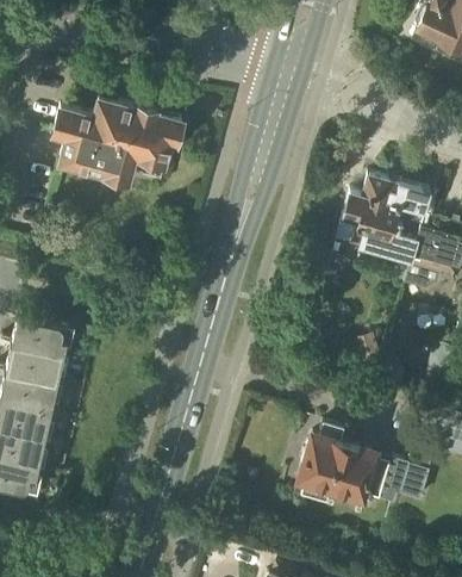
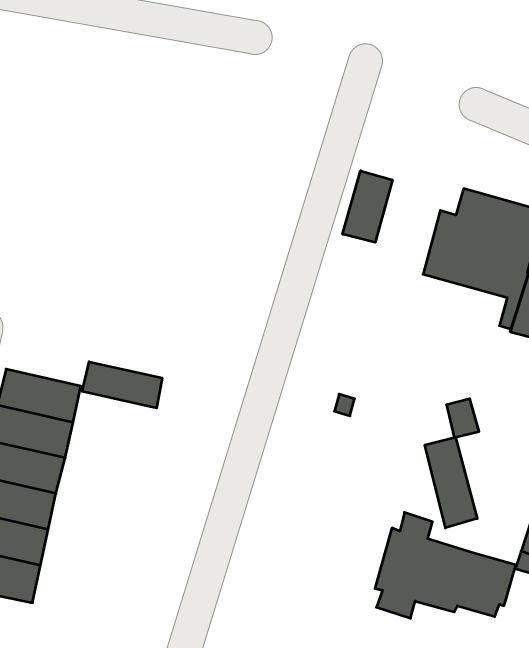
building: [54,100,183,182] -> none
building: none -> [343,171,392,242]
building: none -> [82,362,162,408]
building: none -> [425,437,477,528]

